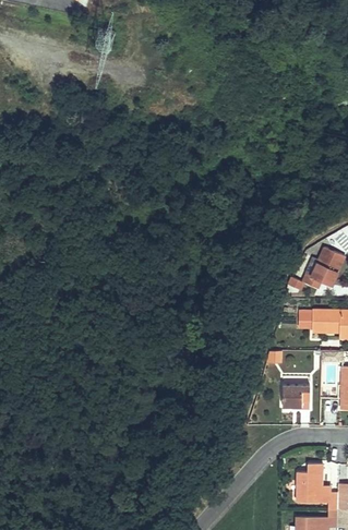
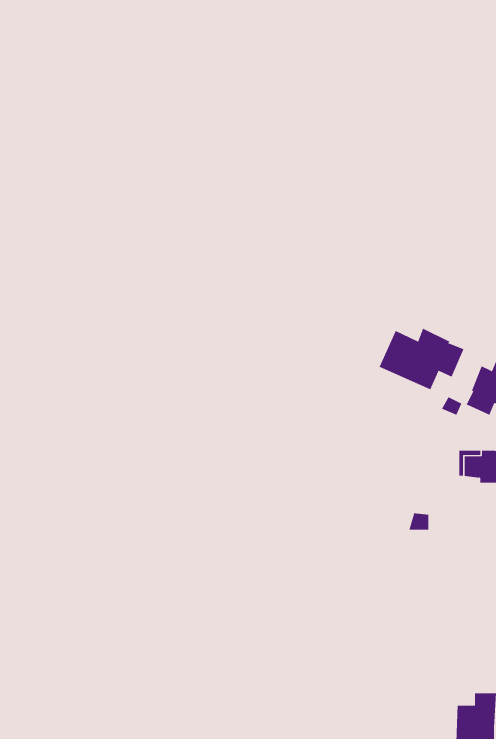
building: none -> [379,328,465,390]
building: [281,385,309,410] -> none

